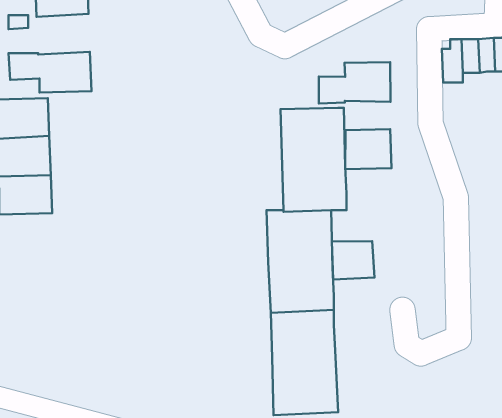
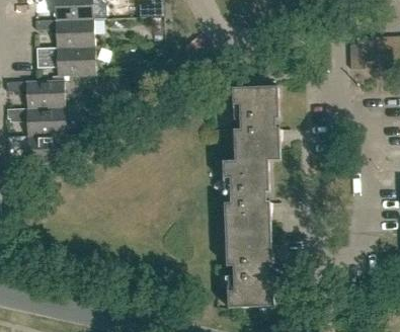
building: none -> [56,18,94,48]
building: [319,62,391,104] -> none
building: [345,129,392,169] -> none
building: [332,241,375,279] -> none

